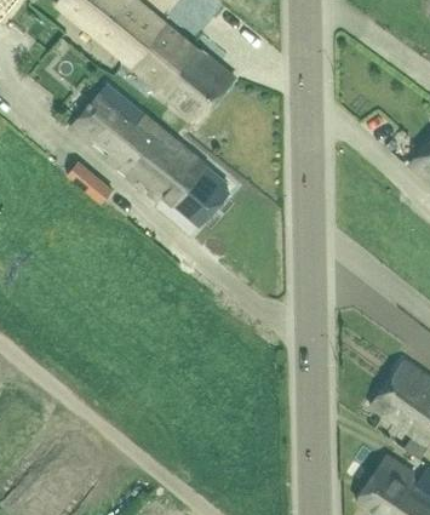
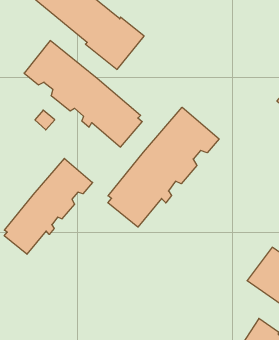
building: none -> [108,107,219,227]
building: none -> [4,158,93,254]

